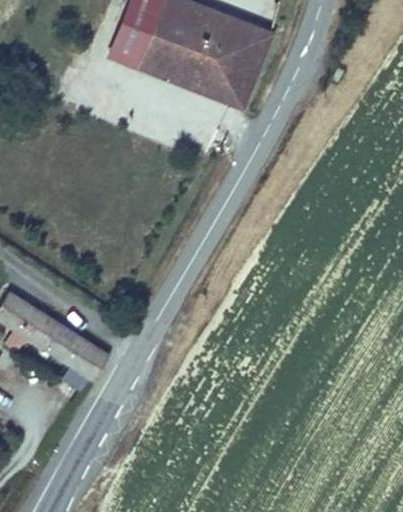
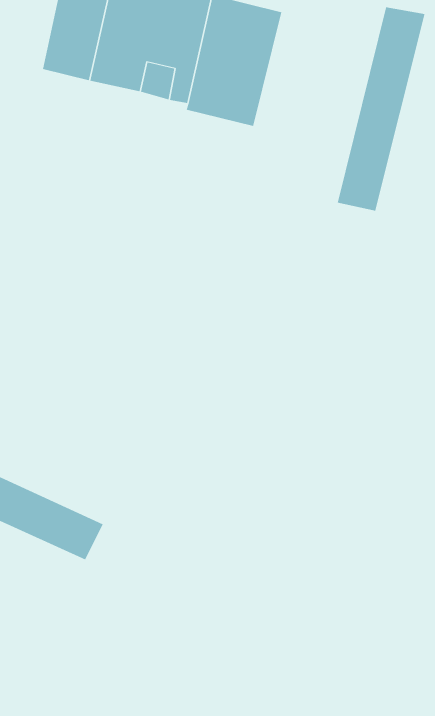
building: none -> [337,7,425,211]

